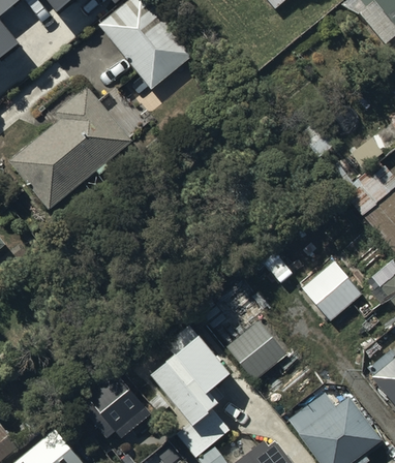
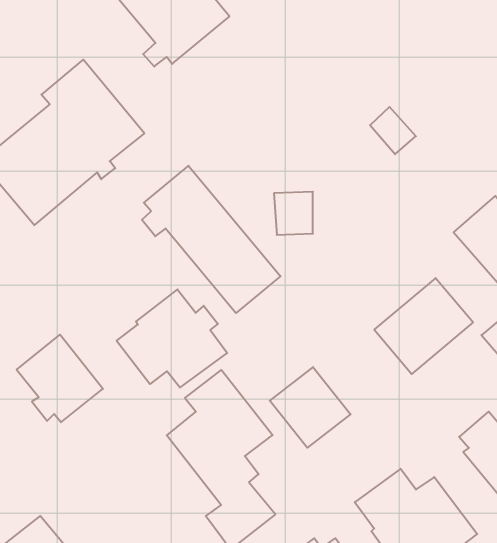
building: none -> [142,166,281,313]
building: none -> [117,289,227,388]
building: [87,374,151,439] -> [17,335,103,422]

